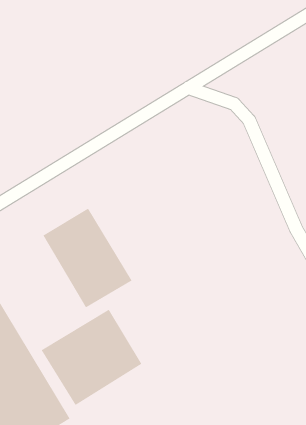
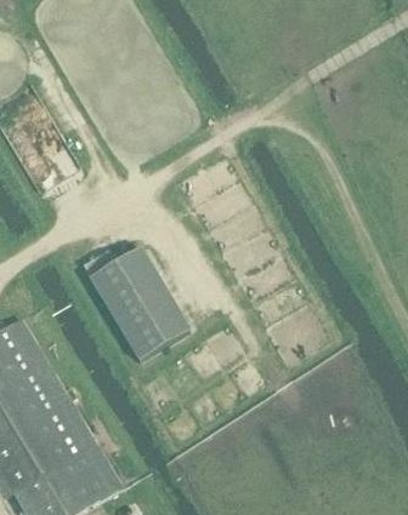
building: [41,309,142,406] -> none

